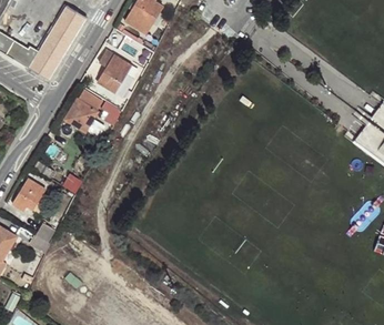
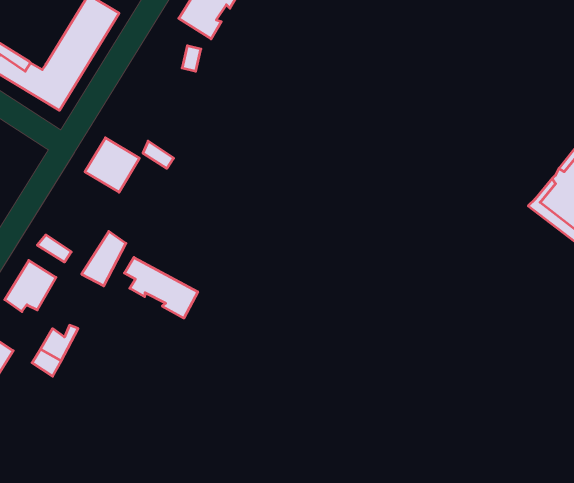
building: [98,50,133,97] -> none
building: none -> [124,257,198,318]

